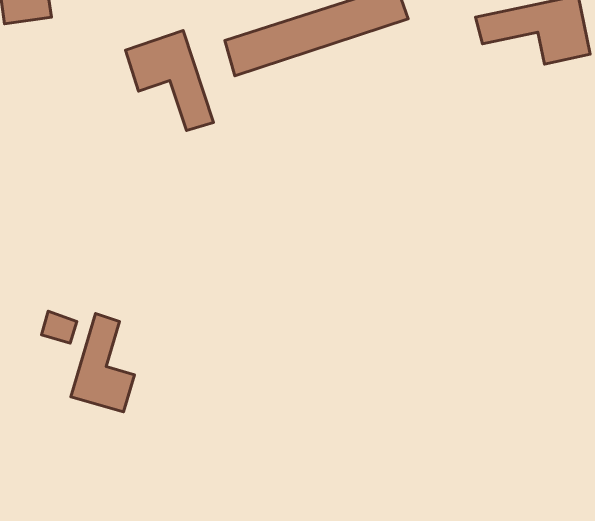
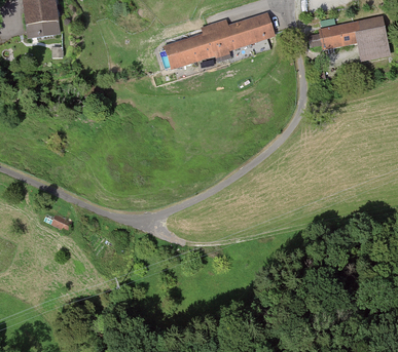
building: [125,30,213,130] -> none
building: [71,314,135,412] -> none

